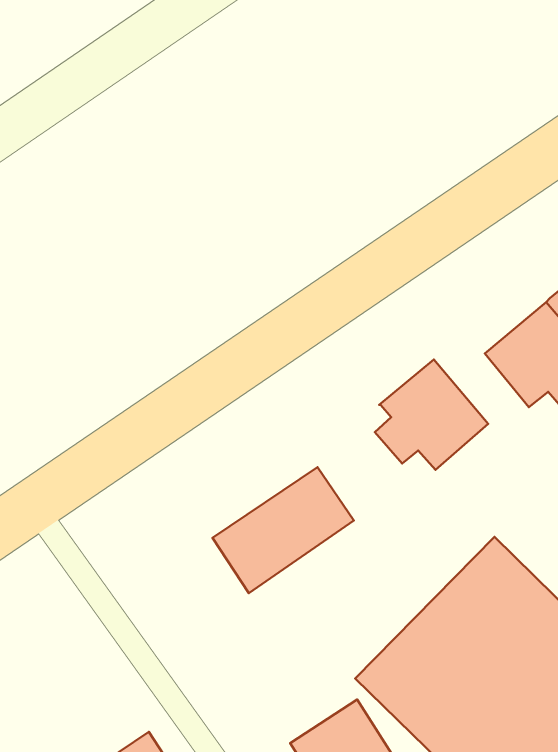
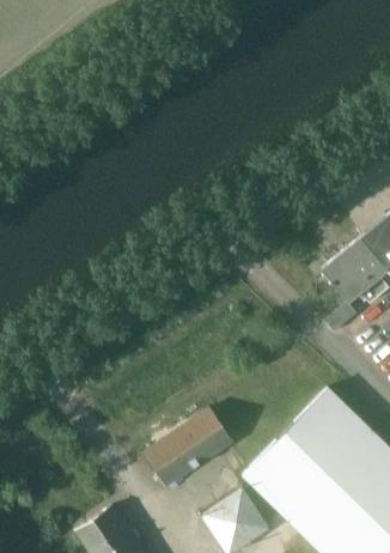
building: [375,359,488,470] -> none
building: [213,467,354,593] -> [142,409,231,488]

